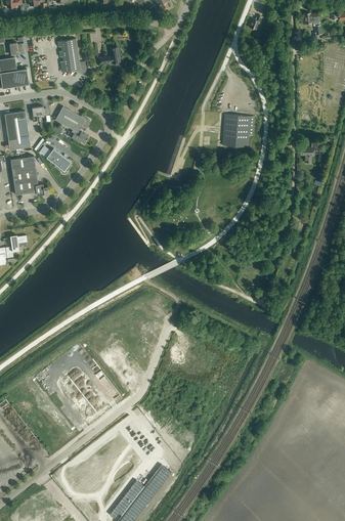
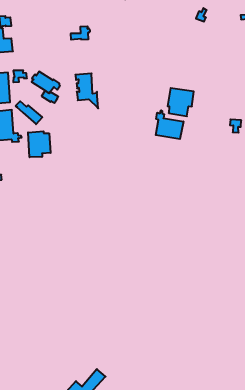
building: [56,38,87,80] -> [75,73,98,108]
building: none -> [156,110,183,139]
building: none -> [28,131,51,157]

